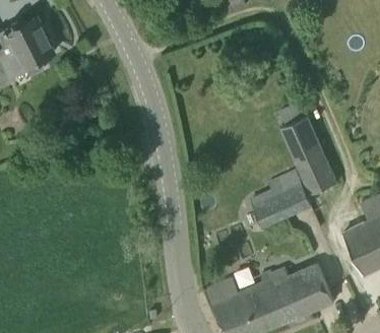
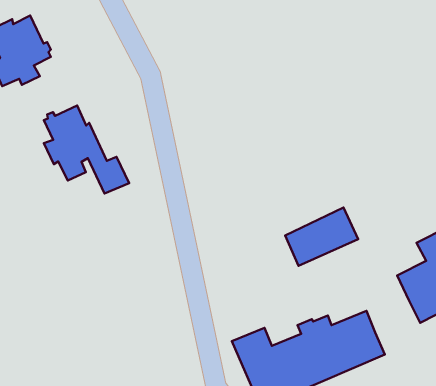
building: none -> [44,106,129,193]
building: [279,117,336,195] -> none

